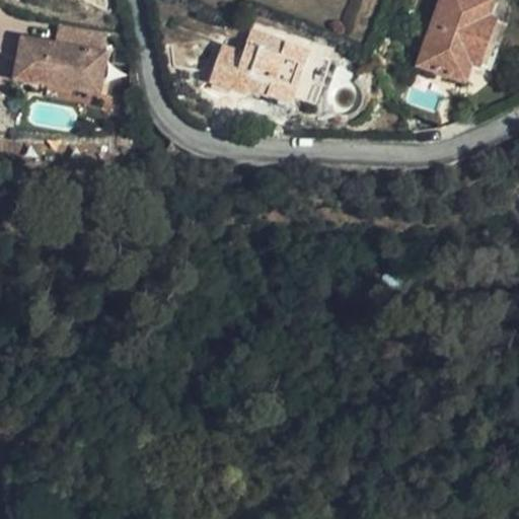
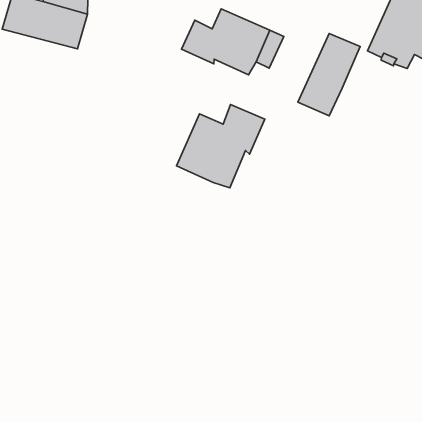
building: none -> [298,33,360,116]
building: none -> [177,105,265,188]

